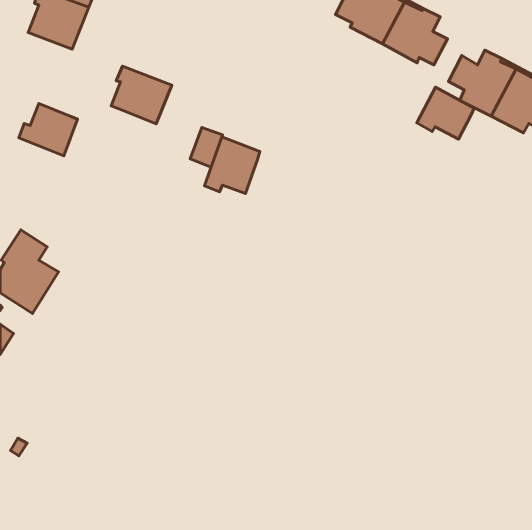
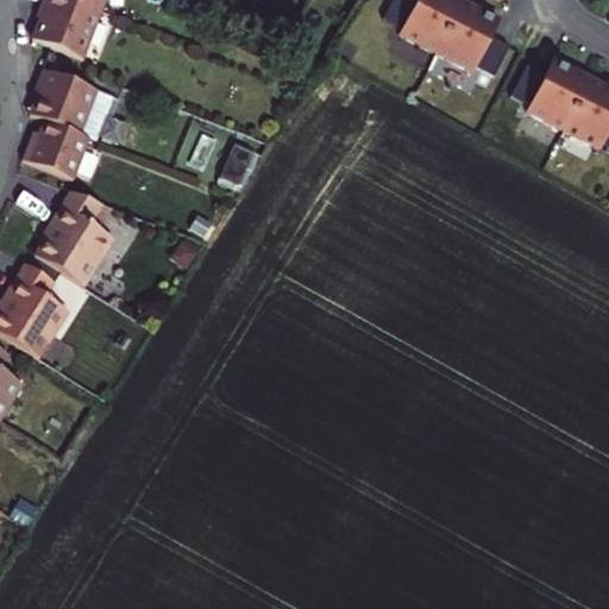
building: [111,66,172,124] -> [31,67,100,132]
building: [417,87,474,139] -> none
building: [205,137,260,194] -> none
building: none -> [31,187,109,281]

